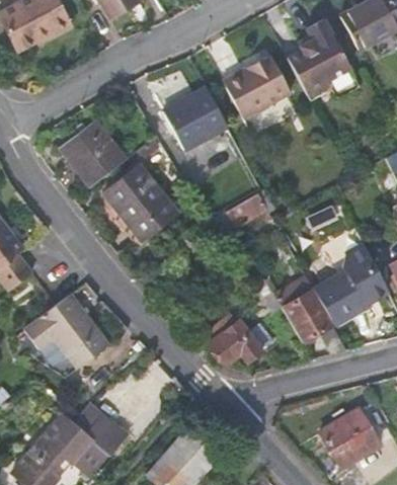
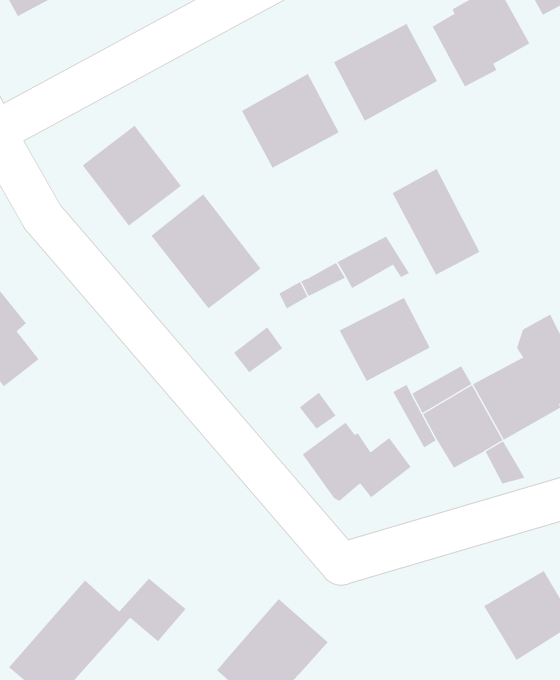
building: none -> [392,168,480,275]
building: none -> [339,297,431,382]
building: [24,294,108,369] -> none

